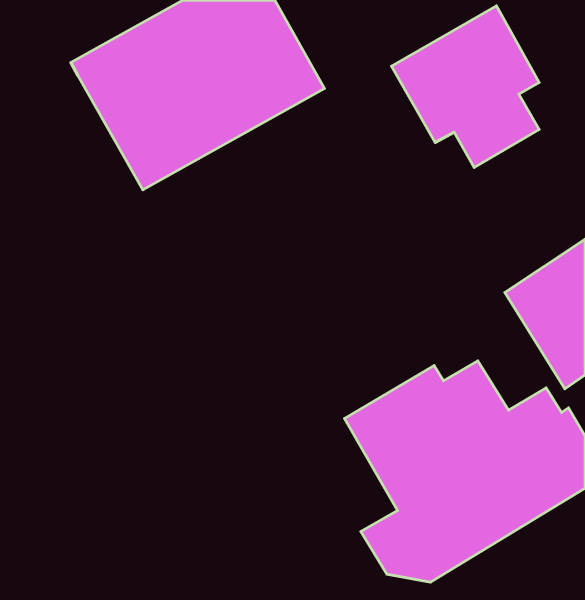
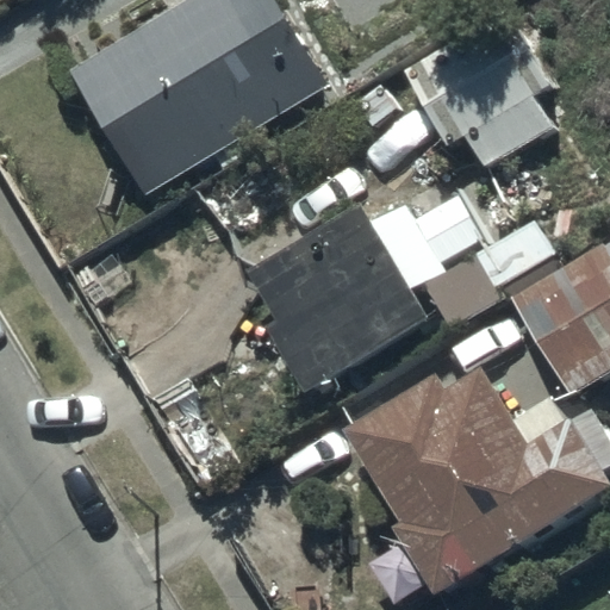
building: none -> [250,204,553,394]

